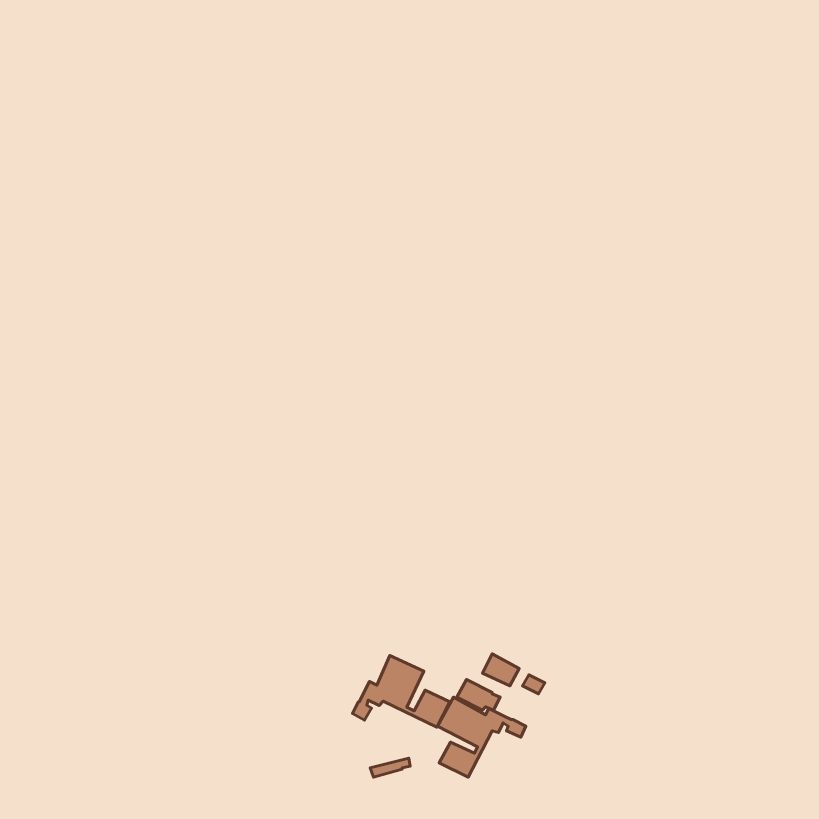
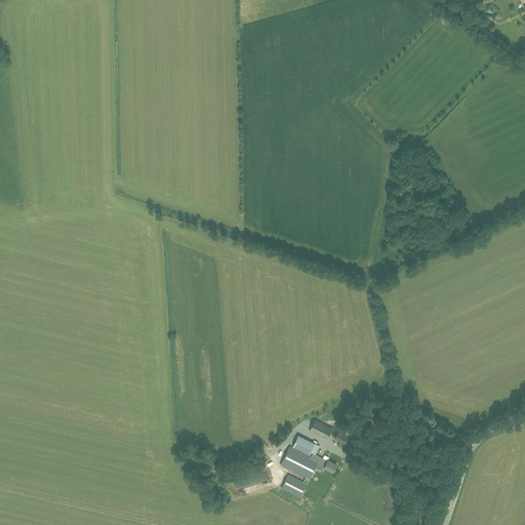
building: [352,655,450,727] -> none

